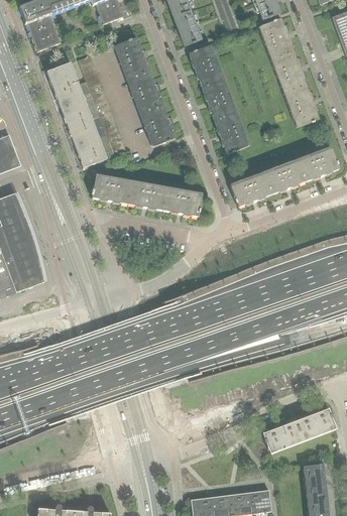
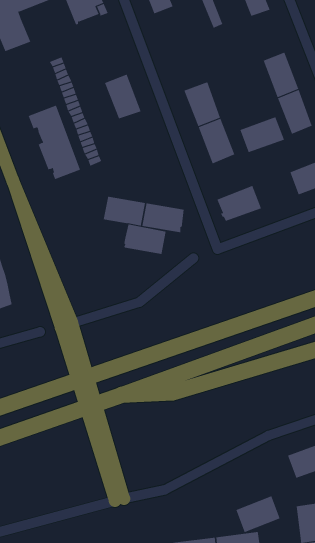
building: [174,9,203,45] -> none
building: [260,17,294,58] -> none
building: [116,37,149,79] -> none
building: [189,44,223,86] -> none
building: [43,61,85,109] -> none
building: [141,105,175,146] -> none
building: [264,160,306,194] -> [239,117,285,153]
building: [92,175,131,204] -> [123,224,166,255]
building: [262,419,304,454] -> [235,495,281,533]

